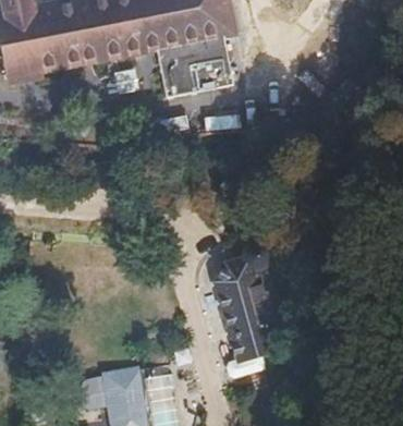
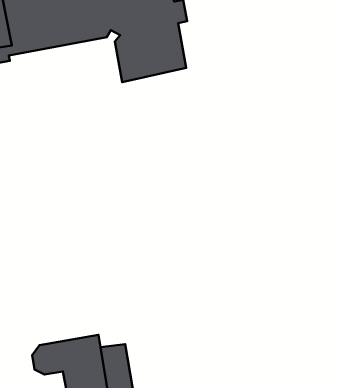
building: [212,245,283,363] -> none

